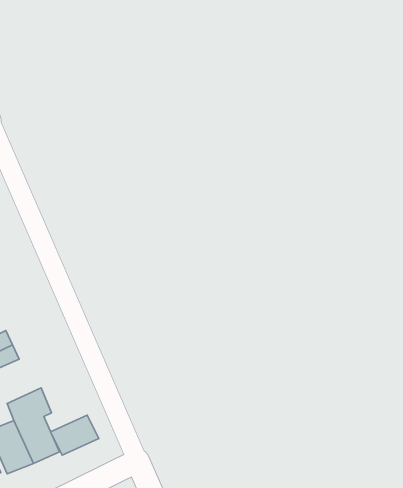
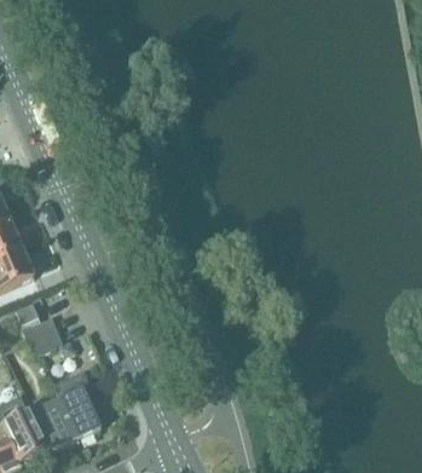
building: [50,415,99,455] -> none

